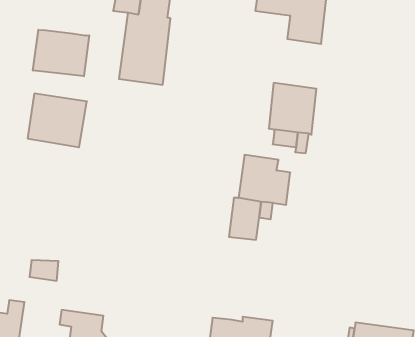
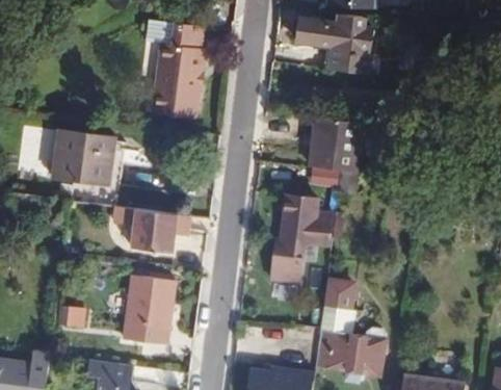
building: [33,30,89,76] -> none
building: none -> [108,207,191,253]
building: none -> [124,275,177,346]
building: none -> [316,276,388,383]

